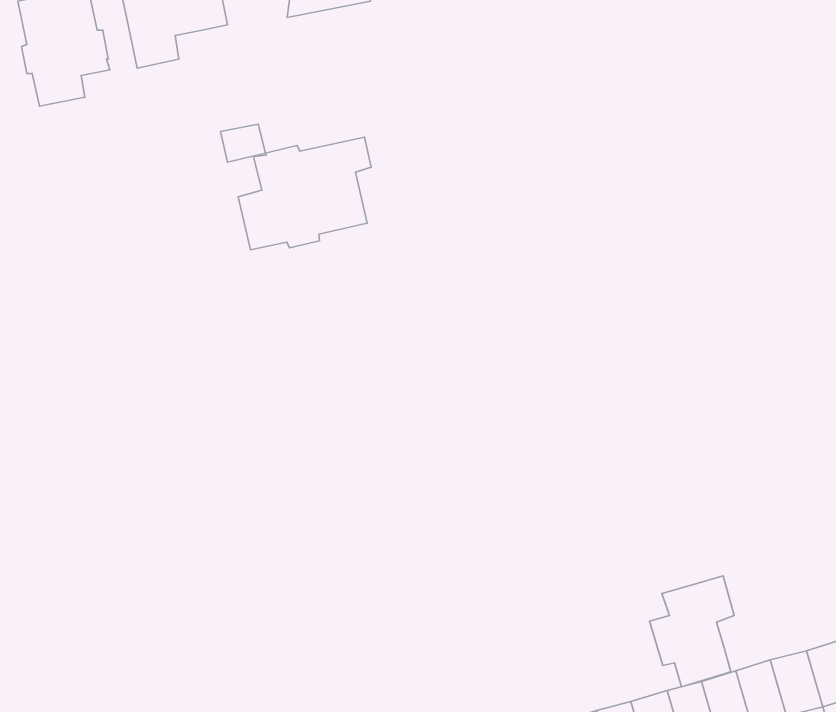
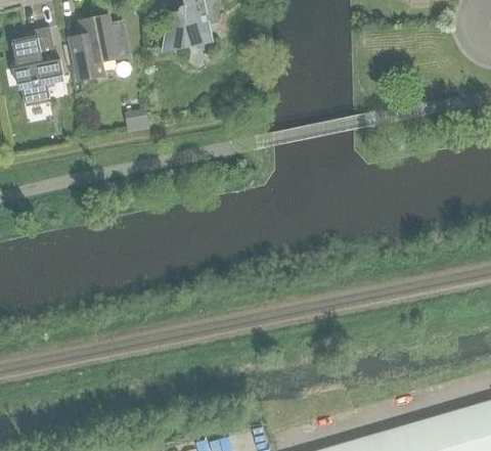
building: [238,137,371,250] -> none
building: [649,576,734,687] -> none

